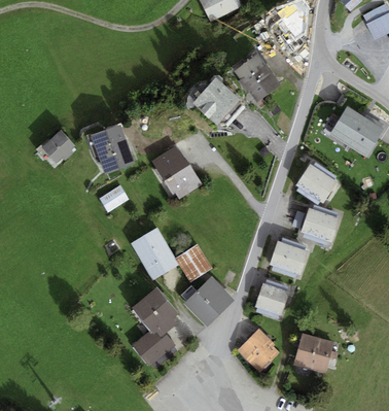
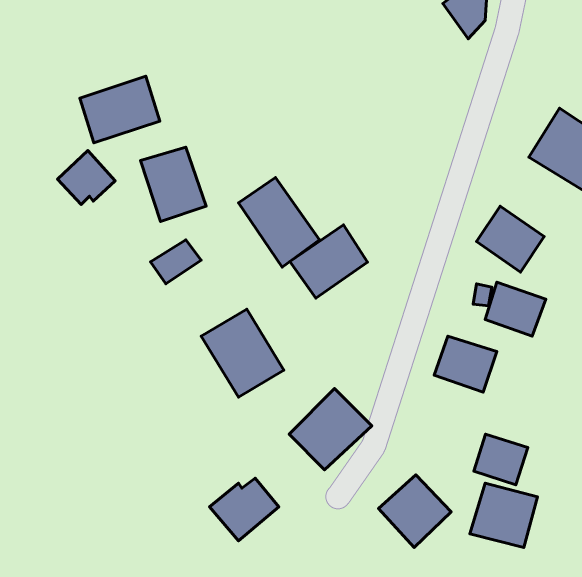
building: [235,54,280,100] -> none
building: [193,79,240,126] -> none
building: none -> [80,76,160,143]
building: none -> [290,225,367,298]
building: [175,242,211,279] -> none
building: [256,284,289,315] -> [474,434,528,485]
building: [132,287,178,335] -> none

